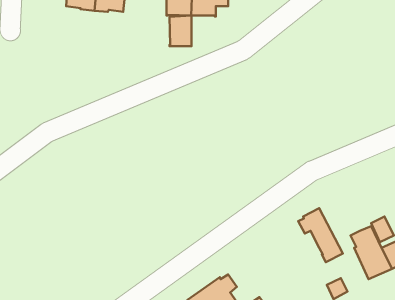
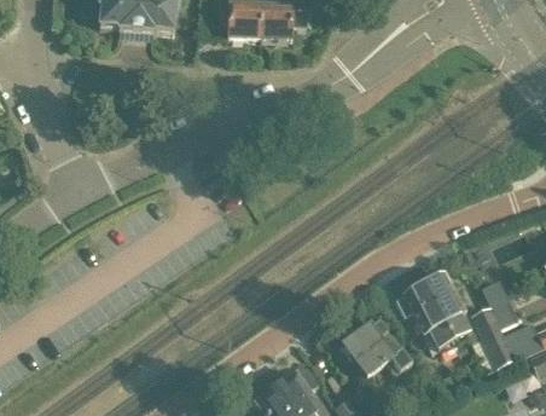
building: [170,16,192,46] -> none
building: none -> [422,271,474,340]
building: none -> [338,314,410,376]

